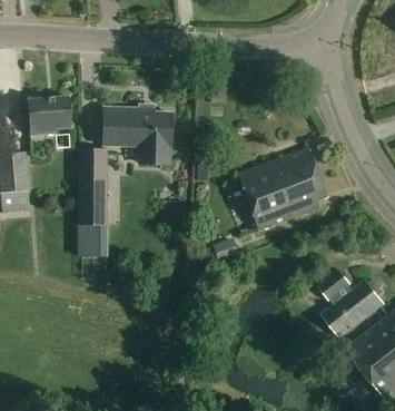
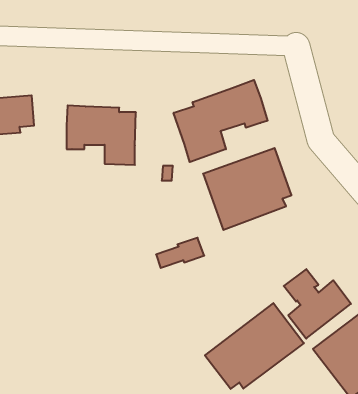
building: none -> [174,80,268,162]
building: [77,150,107,255] -> none
building: none -> [205,303,304,389]

